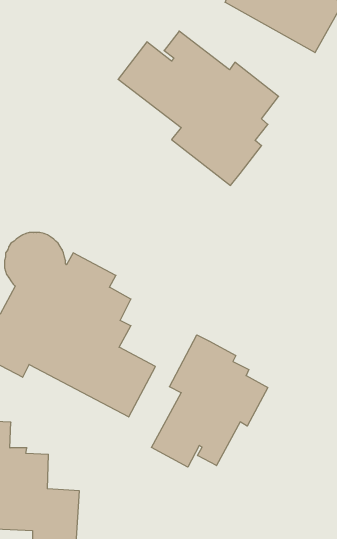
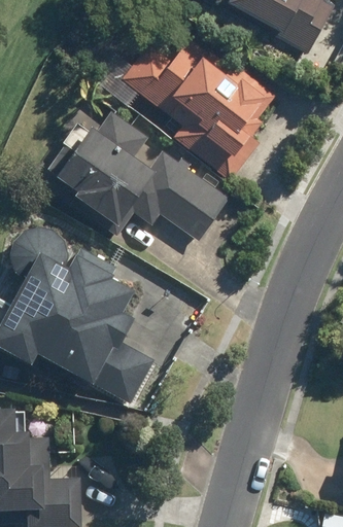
building: none -> [48,116,231,240]
building: [151,335,268,467] -> none

